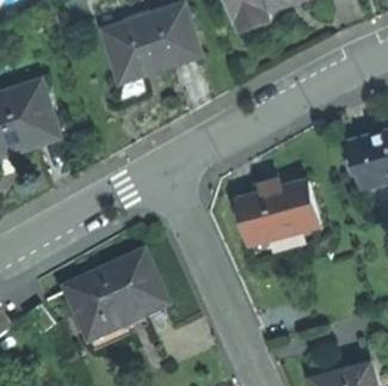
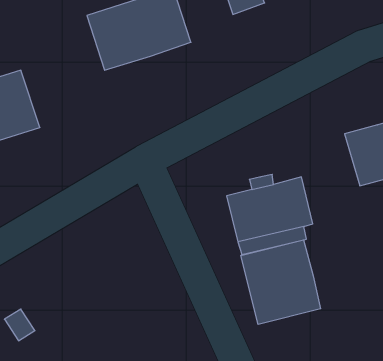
building: none -> [241,240,321,324]
building: [64,253,167,342] -> none

